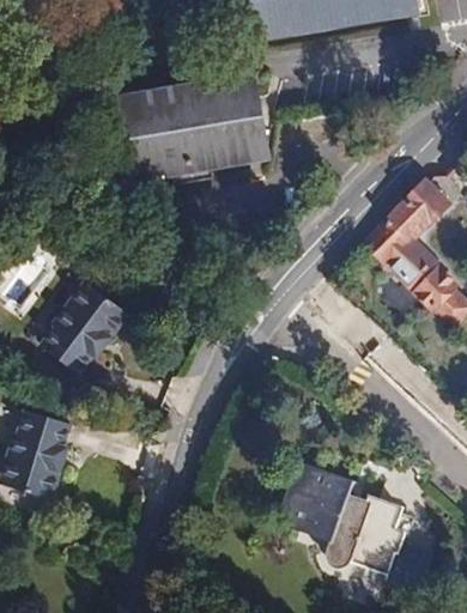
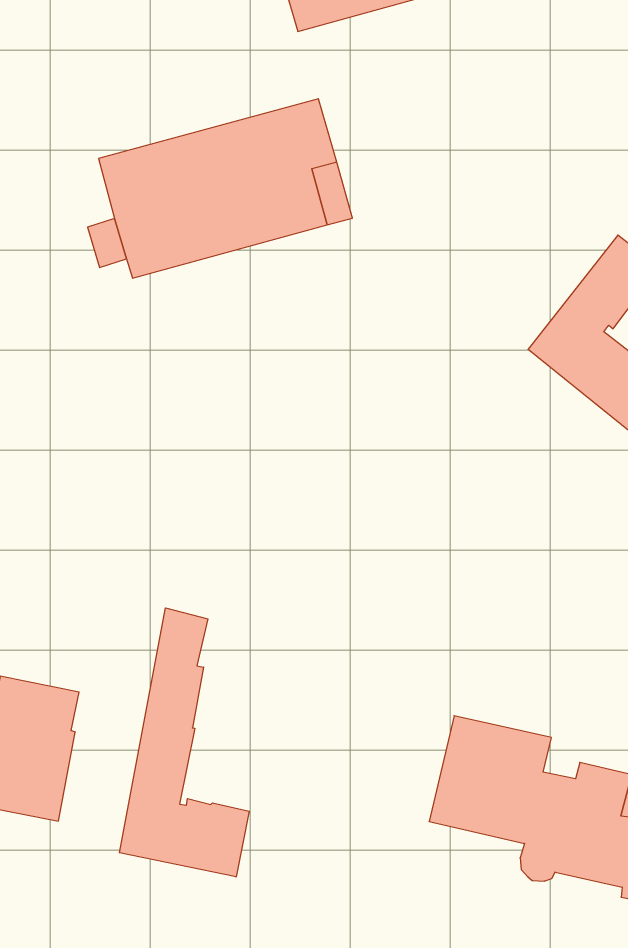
building: [42,280,131,374] -> none
building: none -> [119,608,249,877]

